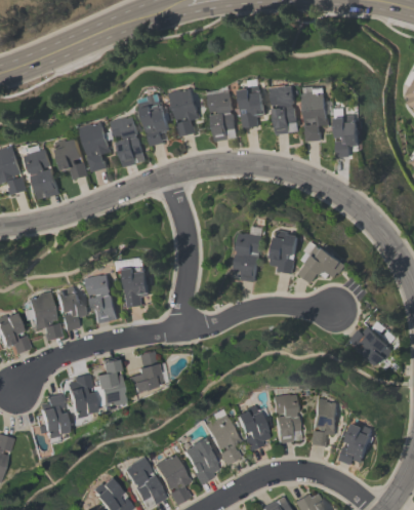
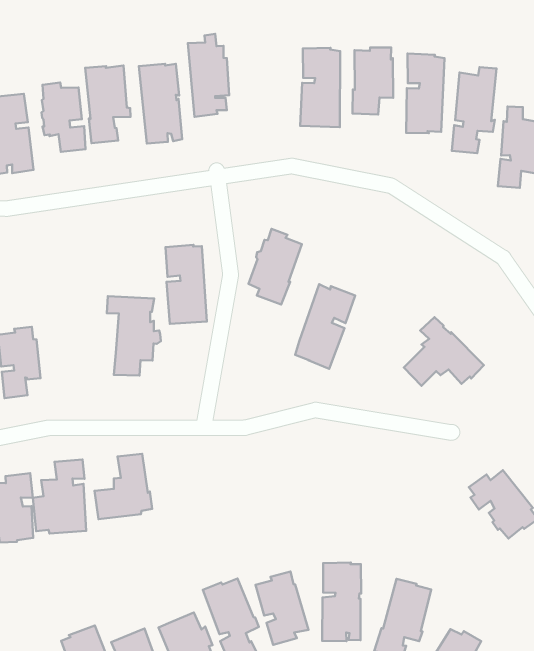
building: [169,88,199,136] -> none
building: [271,230,298,274] -> [248,229,302,305]
building: [85,274,117,323] -> [165,245,207,324]

